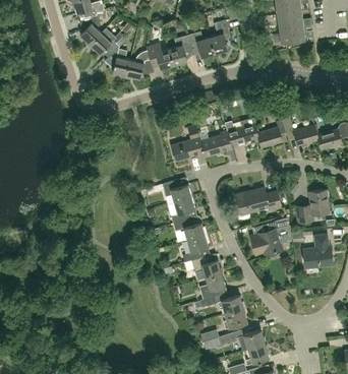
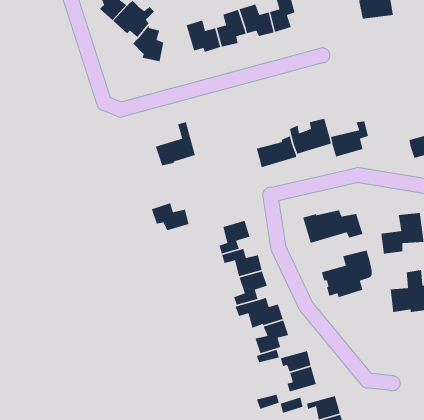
building: [126,50,154,79] -> none
building: [283,118,317,145] -> none
building: [171,126,202,161] -> [155,121,196,166]
building: [162,179,191,201] -> [151,202,189,231]

